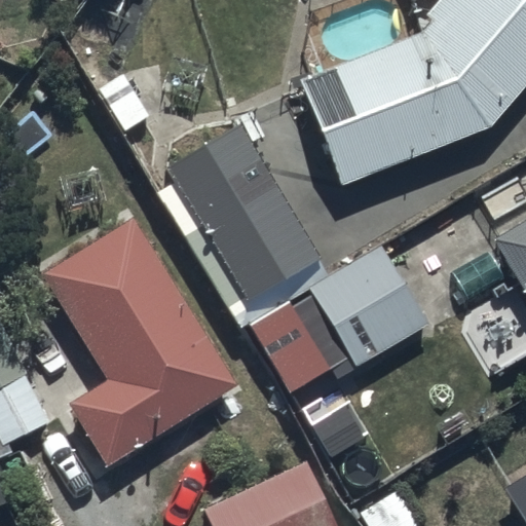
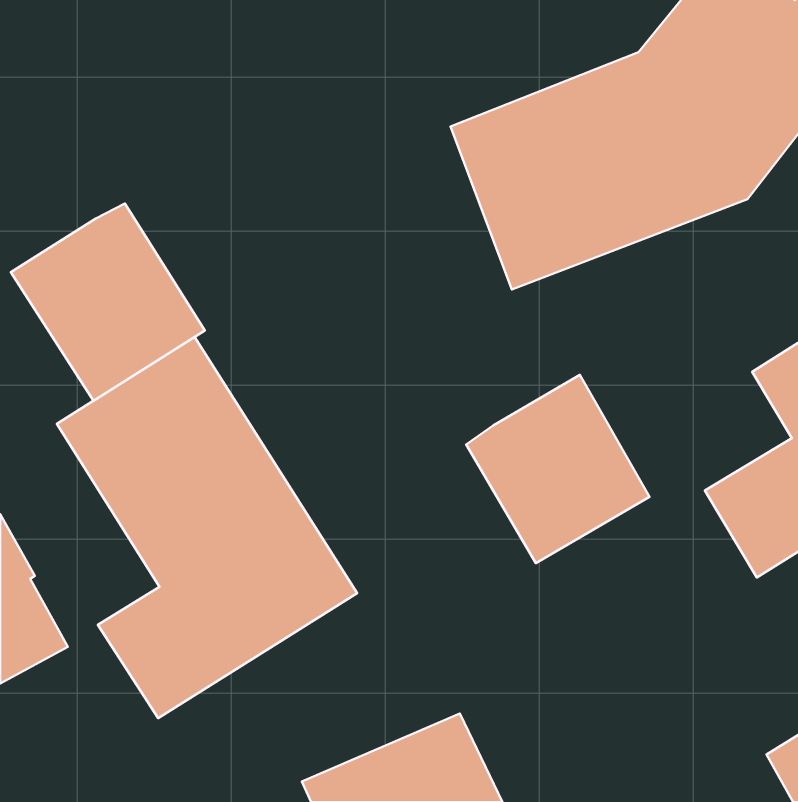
building: [166,125,327,321] -> none
building: none -> [11,204,205,401]

